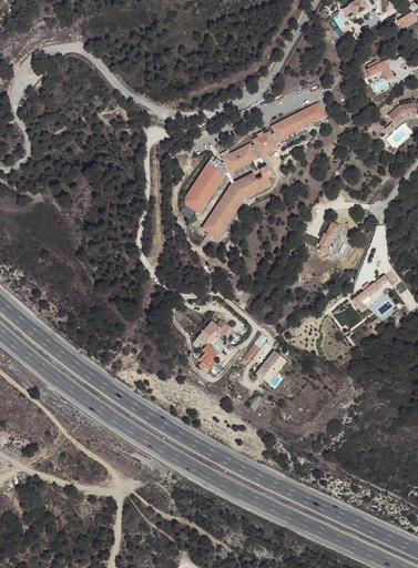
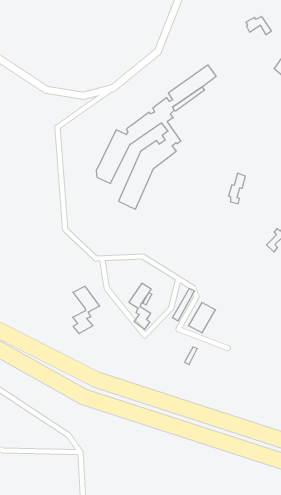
building: none -> [73,286,100,334]

